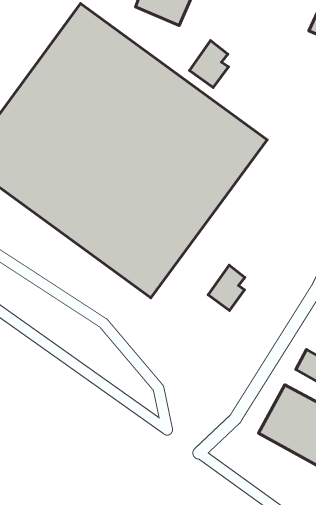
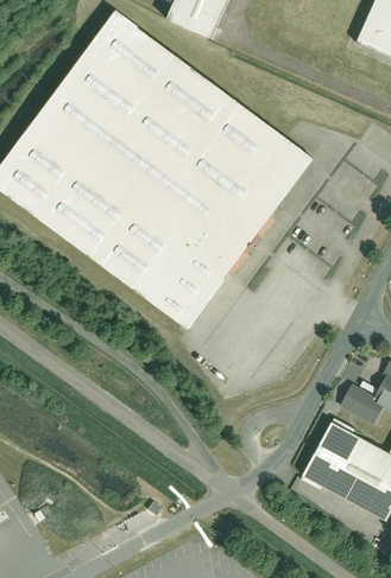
building: [189,41,228,88] -> none
building: [208,265,245,310] -> none

